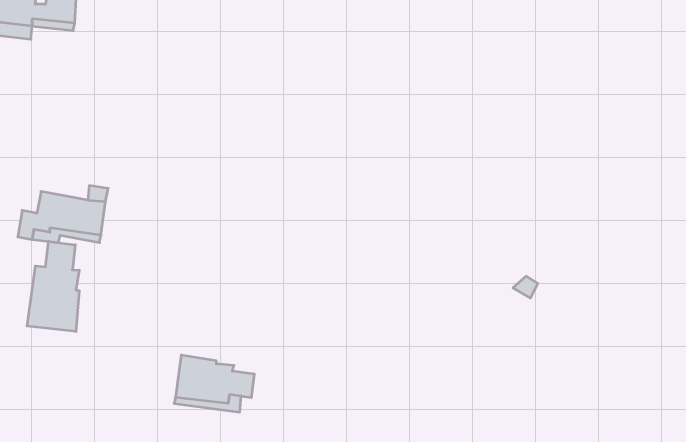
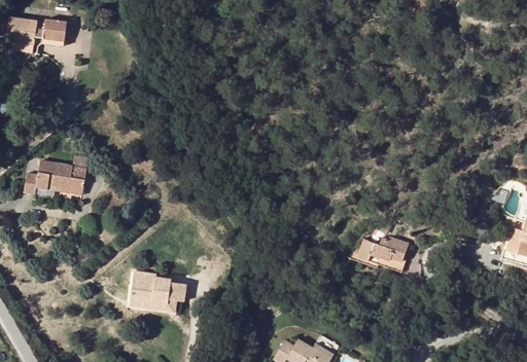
building: [27,241,79,332] -> none
building: none -> [348,233,408,269]

